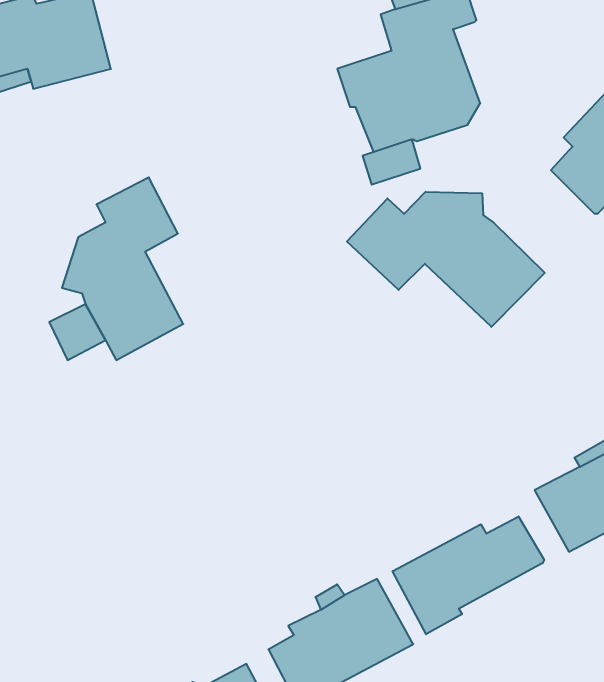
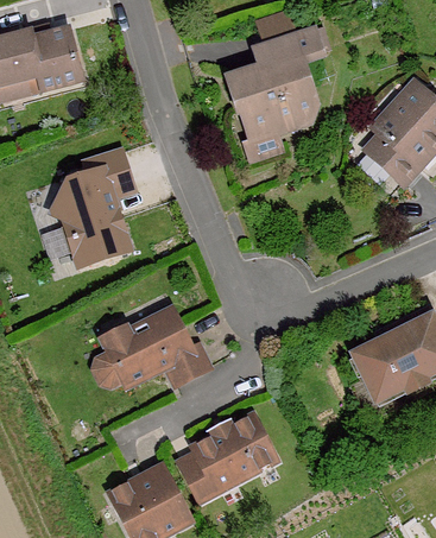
building: [347,192,545,327] -> none
building: none -> [96,311,209,386]
building: [393,516,544,634] -> none

